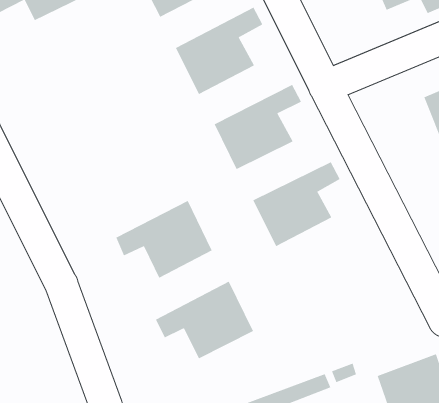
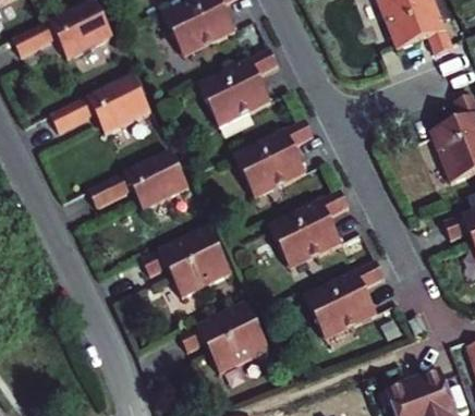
building: none -> [52,73,153,134]
building: none -> [89,149,191,209]
building: none -> [306,257,387,338]

